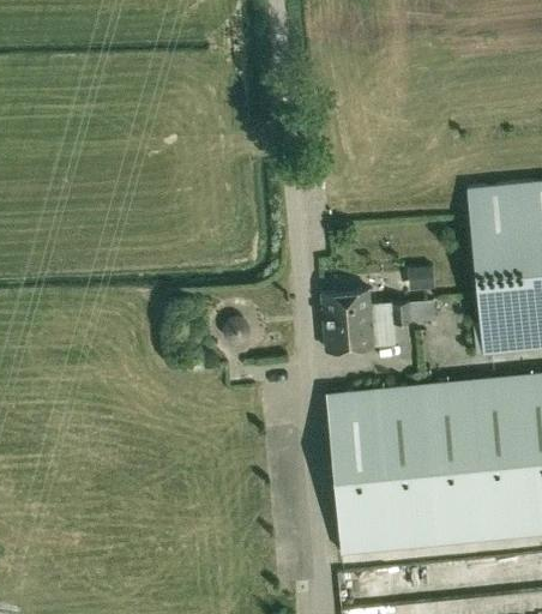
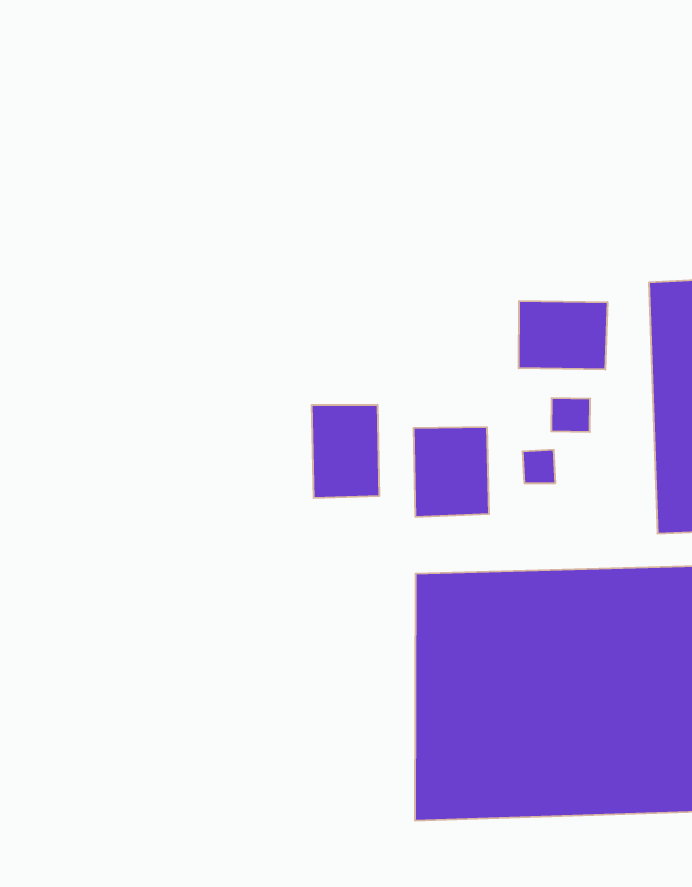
building: none -> [519,301,607,370]
building: none -> [312,405,379,498]

